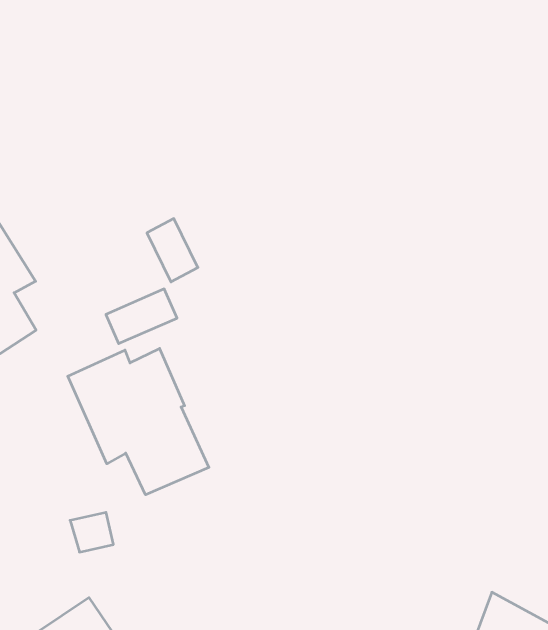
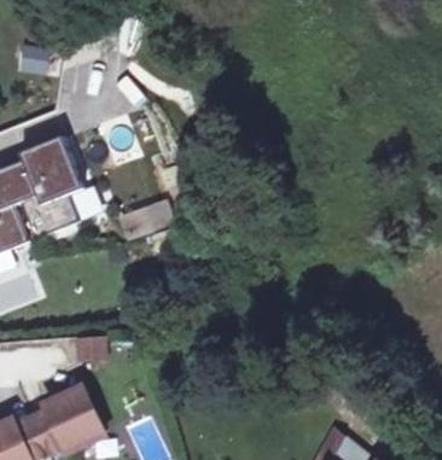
building: [68,348,209,495] -> none

